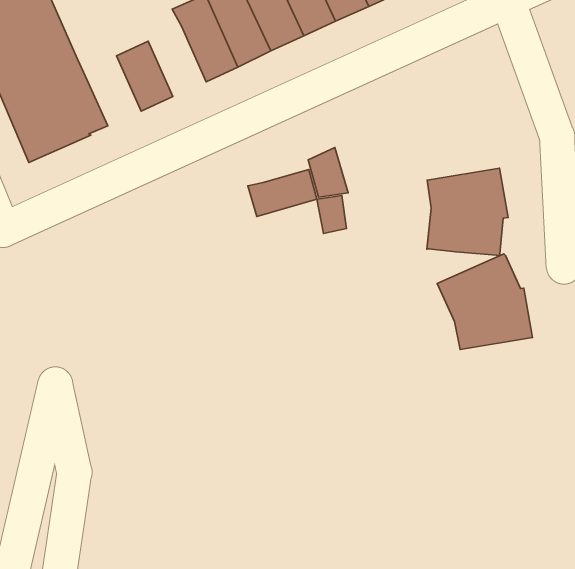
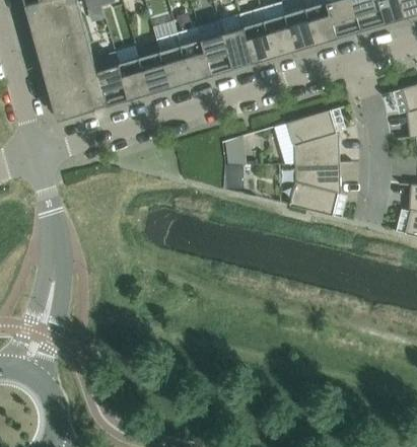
building: none -> [138,52,169,93]
building: none -> [93,53,128,105]
building: [248,169,317,217] -> none
building: [437,254,532,349] -> [286,111,339,165]

